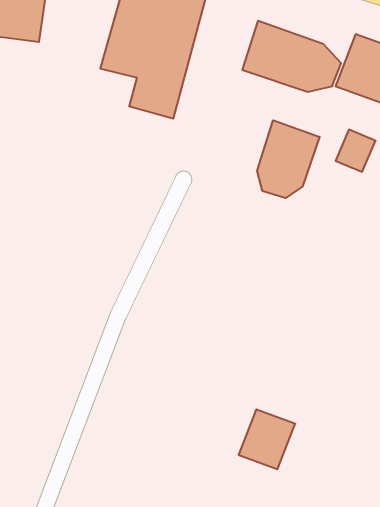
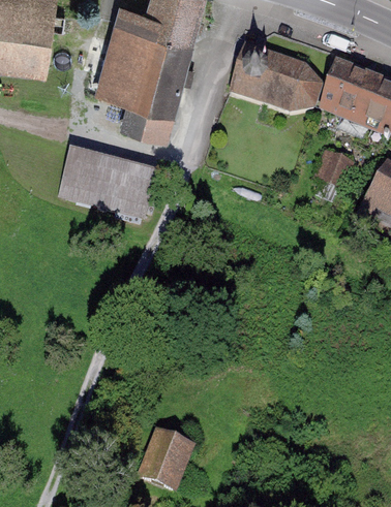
building: [257,120,320,198] -> none
building: none -> [58,153,159,218]
building: [239,409,295,469] -> [142,434,194,489]

